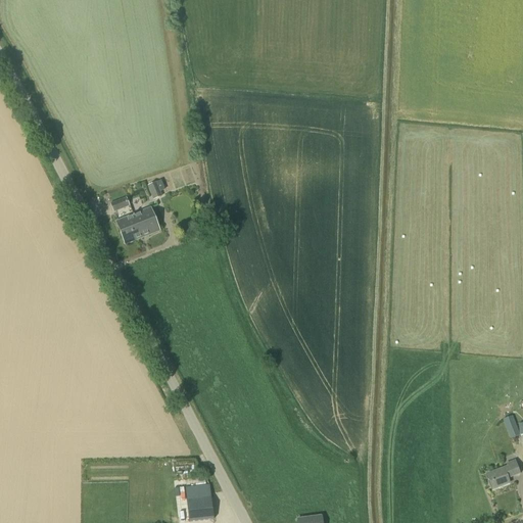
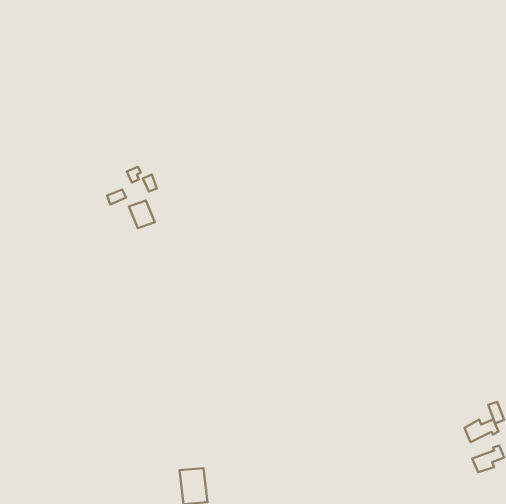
building: [117,212,143,242] -> none
building: none -> [464,419,499,442]

